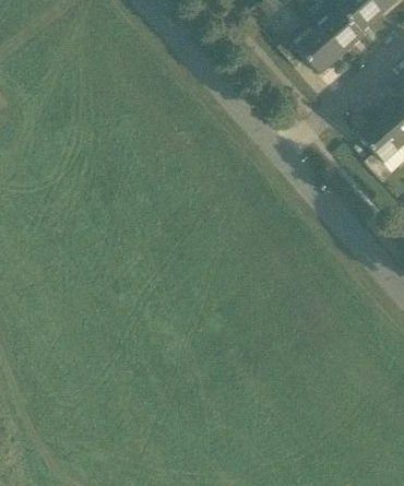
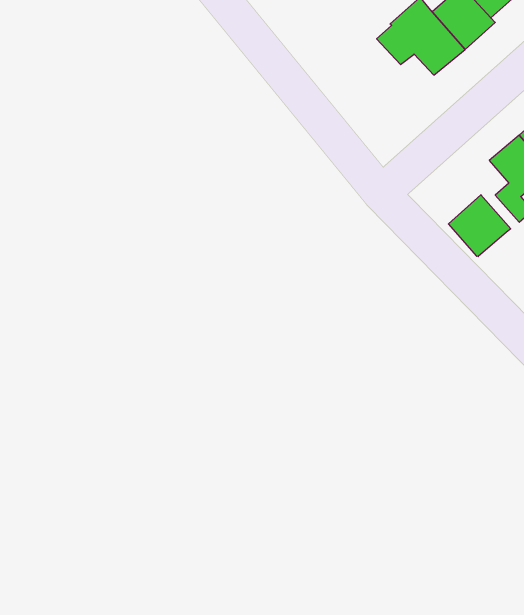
building: none -> [448,195,511,257]

